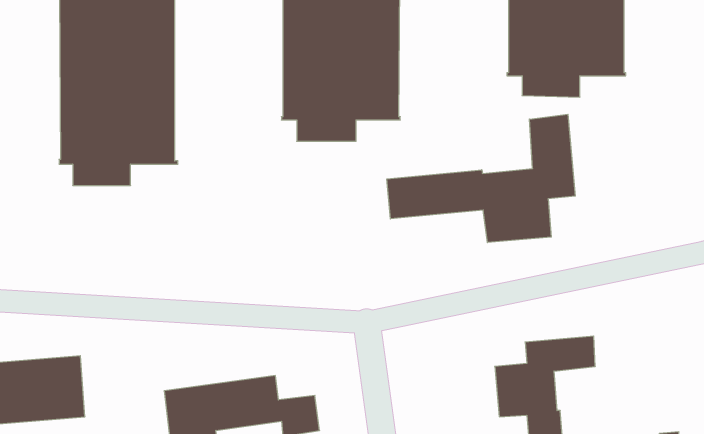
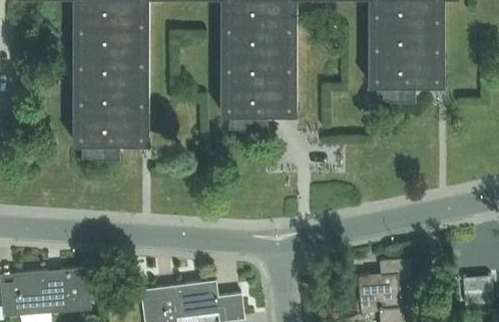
building: [387,114,575,243] -> none
building: none -> [462,275,492,305]

